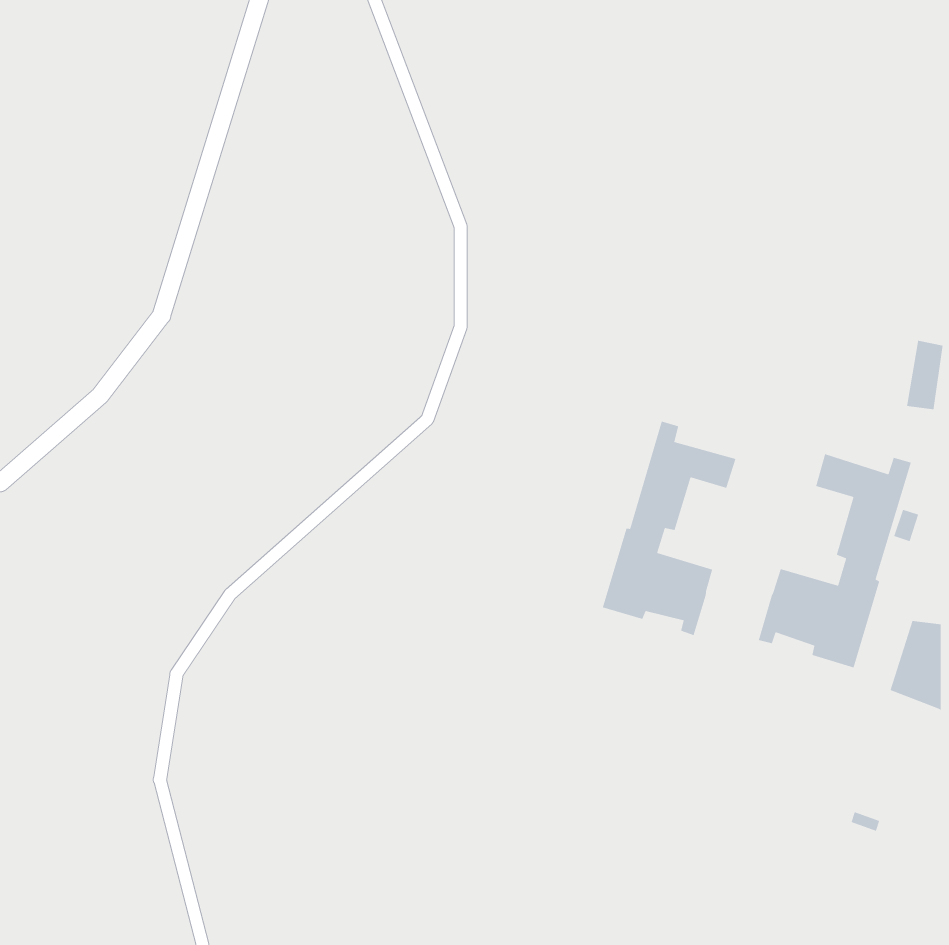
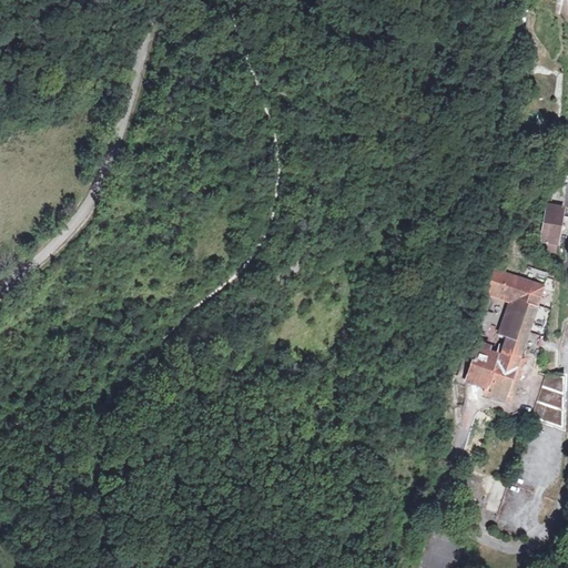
building: [602,421,736,636] -> none

